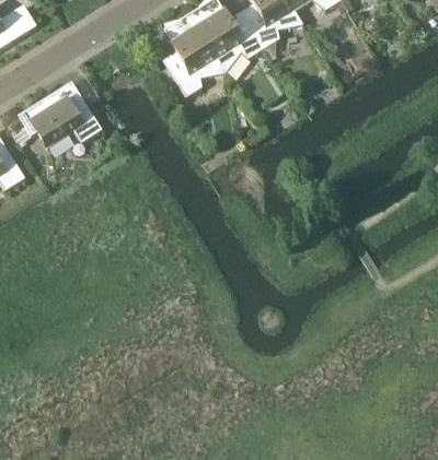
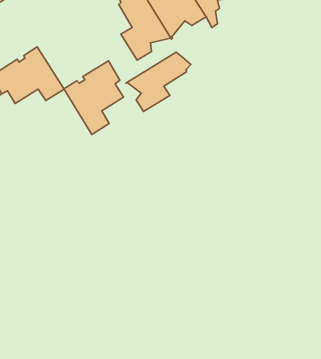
building: none -> [126,52,191,112]
building: none -> [64,61,123,134]

